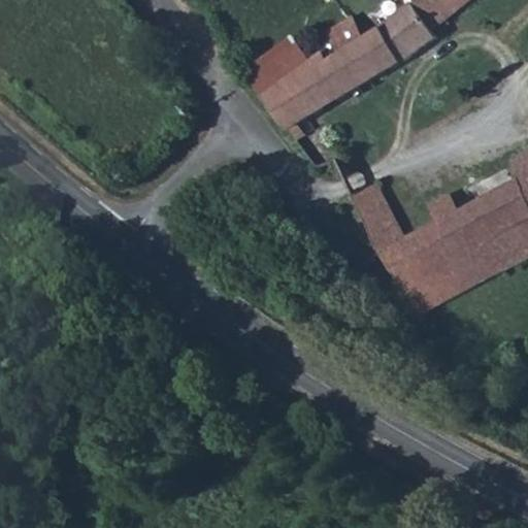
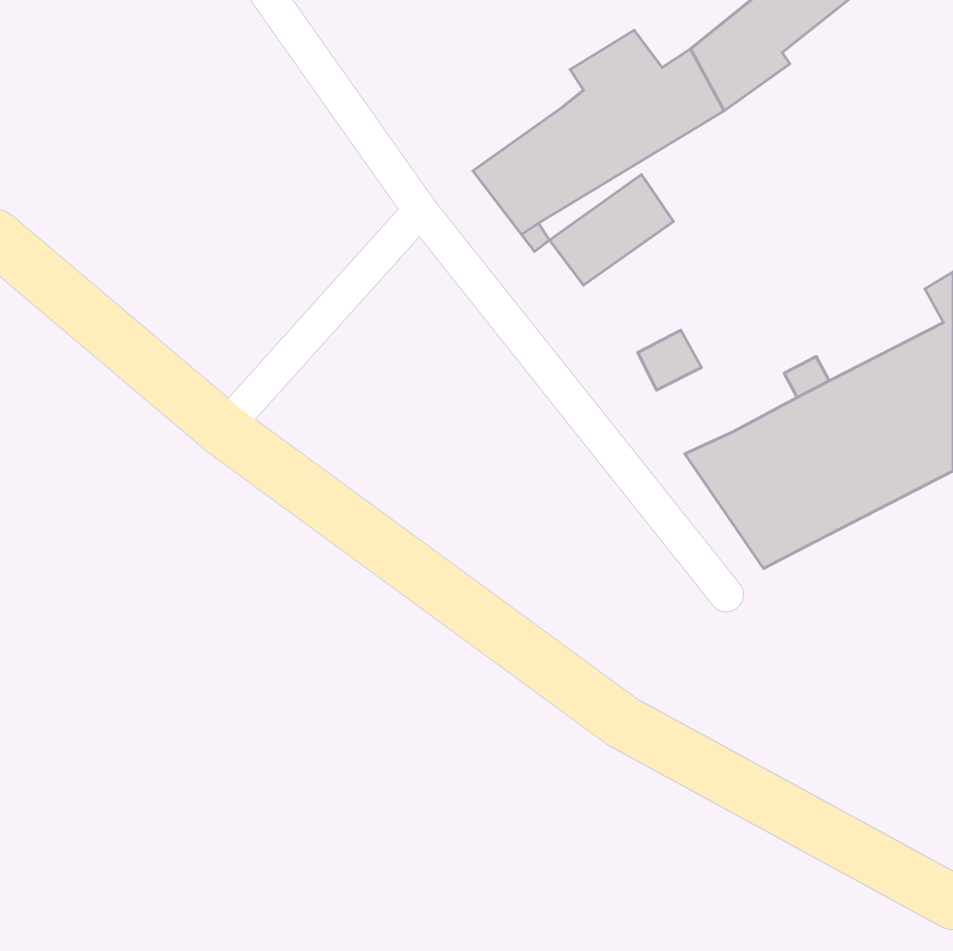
building: [241,33,309,94] -> [550,174,673,285]
building: [361,202,403,250] -> none

